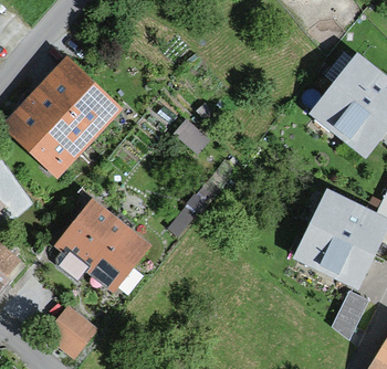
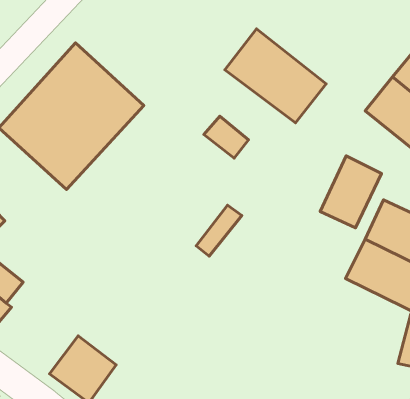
building: none -> [225,29,326,123]
building: none -> [320,156,382,228]
building: [53,198,151,294] -> none

